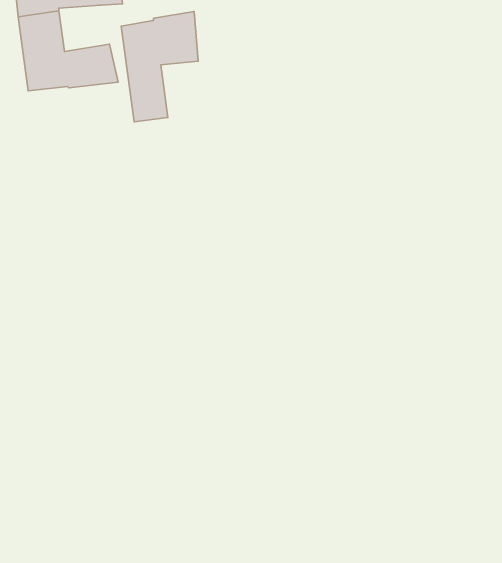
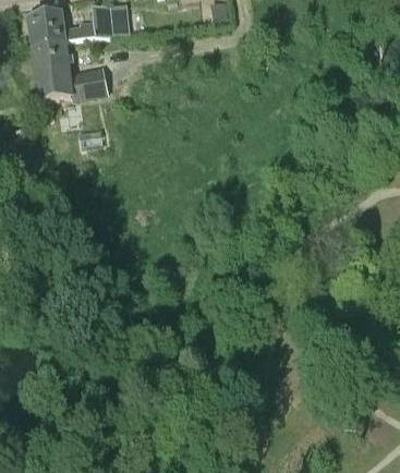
building: [121,12,198,122] -> none

